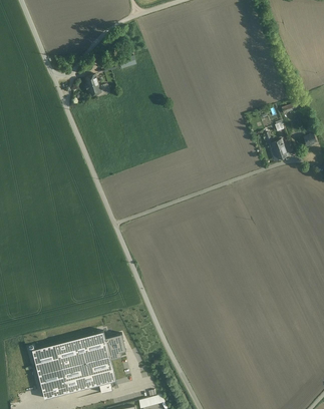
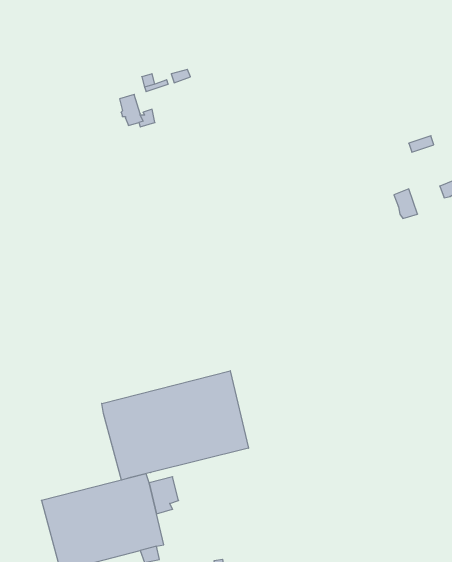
building: none -> [102,371,248,480]

